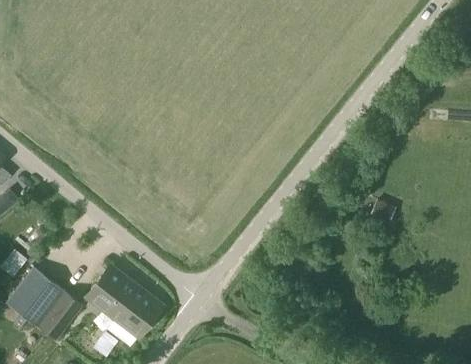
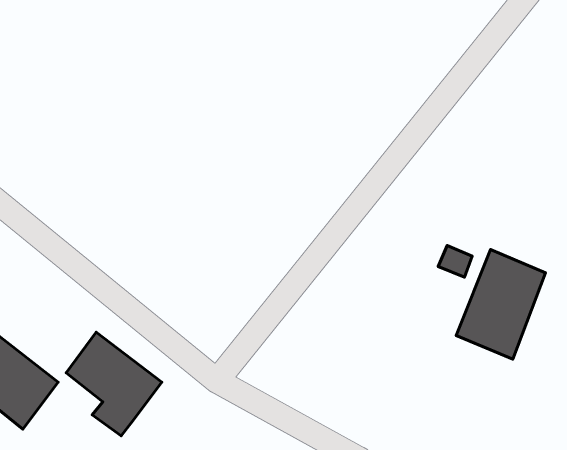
building: none -> [456,249,545,359]

